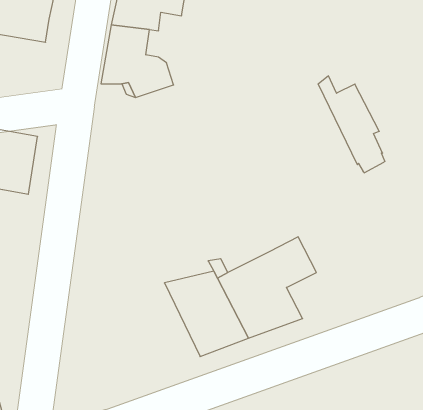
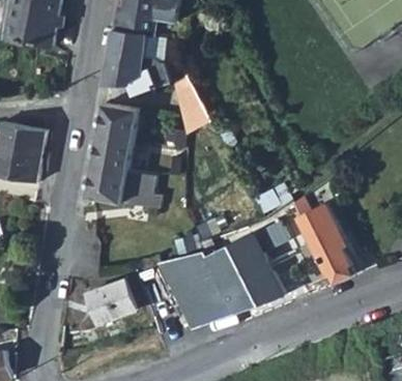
building: [318,76,385,173] -> [291,197,351,284]
building: none -> [173,77,209,135]
building: none -> [85,104,160,209]
building: none -> [86,281,133,324]

